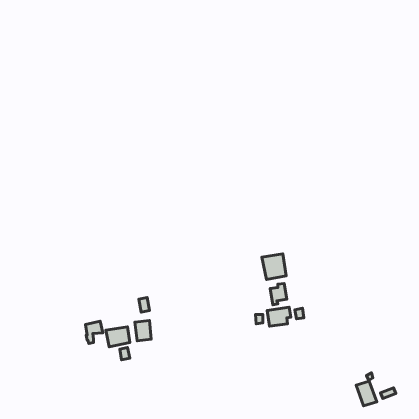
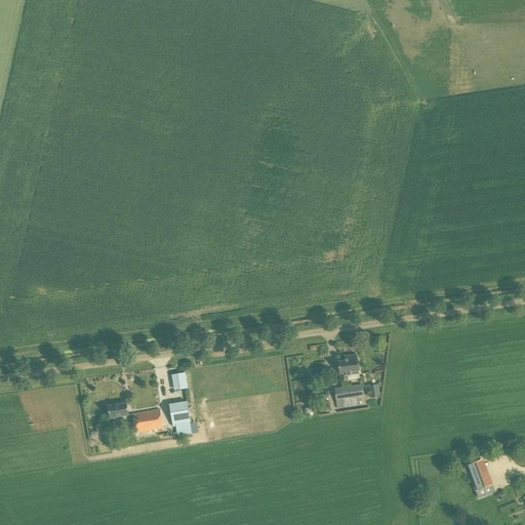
building: [262,254,286,280] -> none
building: [356,381,377,406] -> [469,455,494,486]

